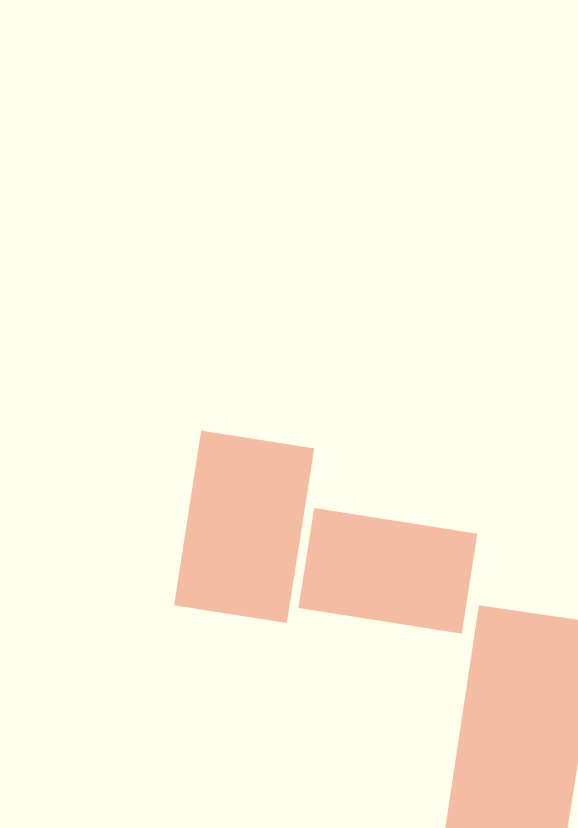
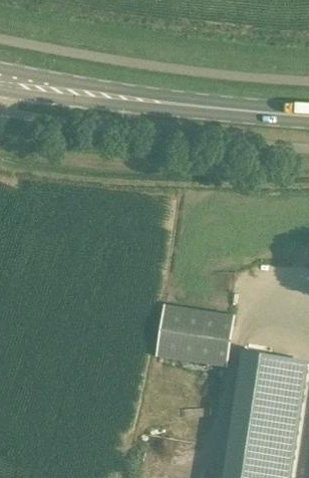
building: [173,430,315,624] -> none

